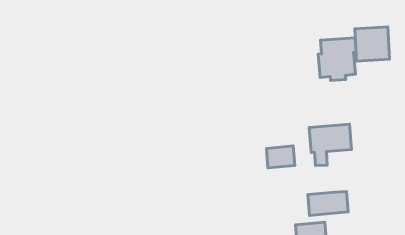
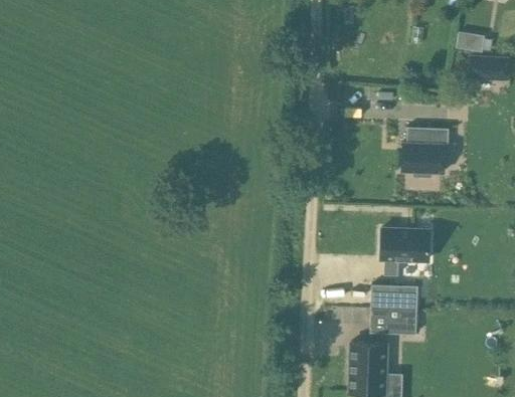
building: [355,27,390,61] -> none
building: [266,146,295,168] -> [371,285,404,310]

